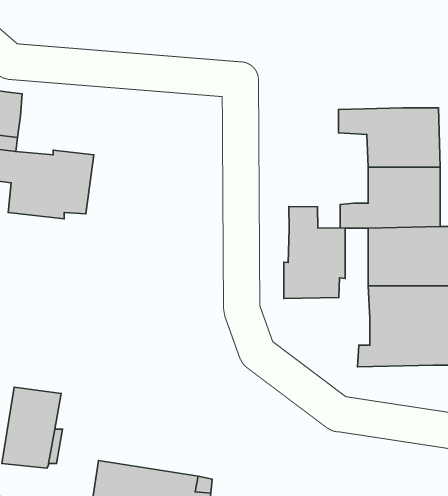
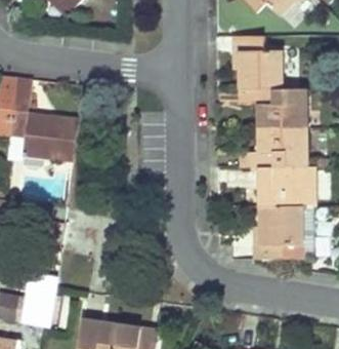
building: none -> [232,36,282,89]
building: [284,207,345,299] -> none

